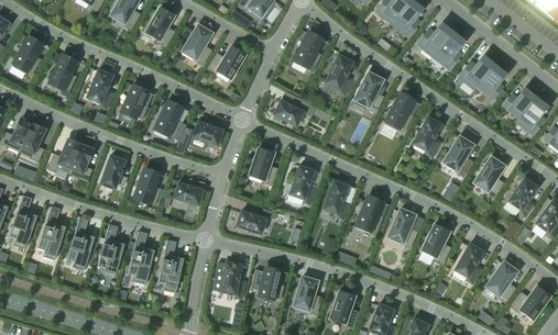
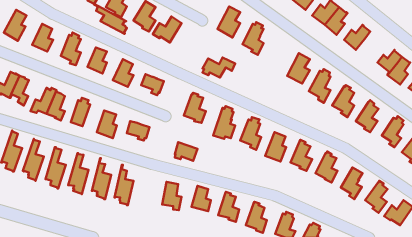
building: none -> [94,4,127,34]
building: [474,64,505,97] -> none
building: [354,71,383,111] -> none

